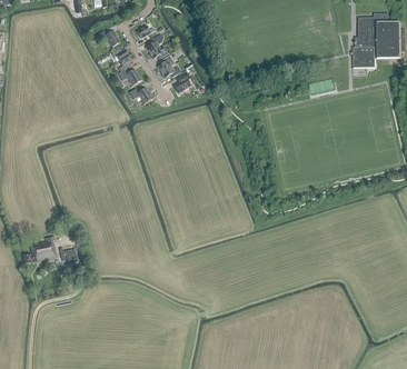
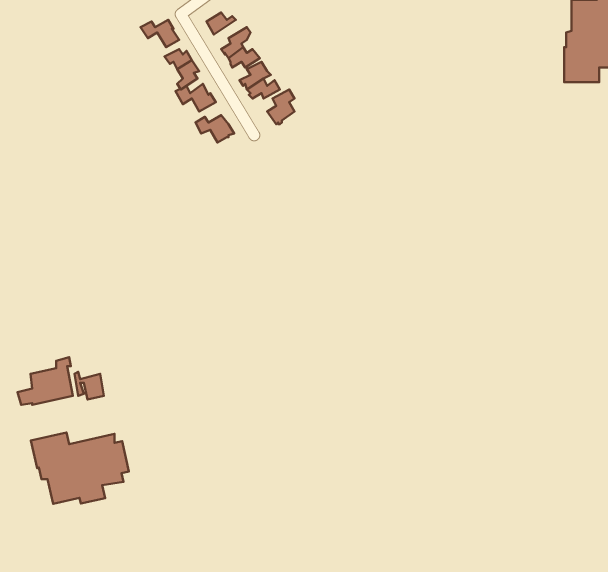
building: none -> [31,433,129,504]

